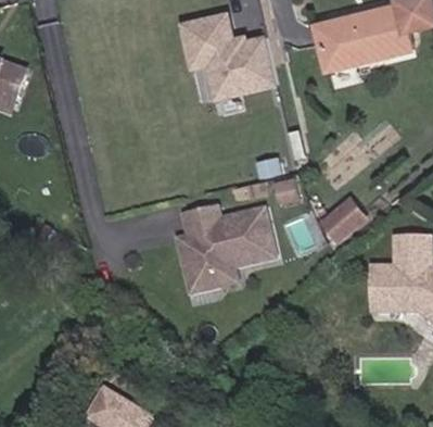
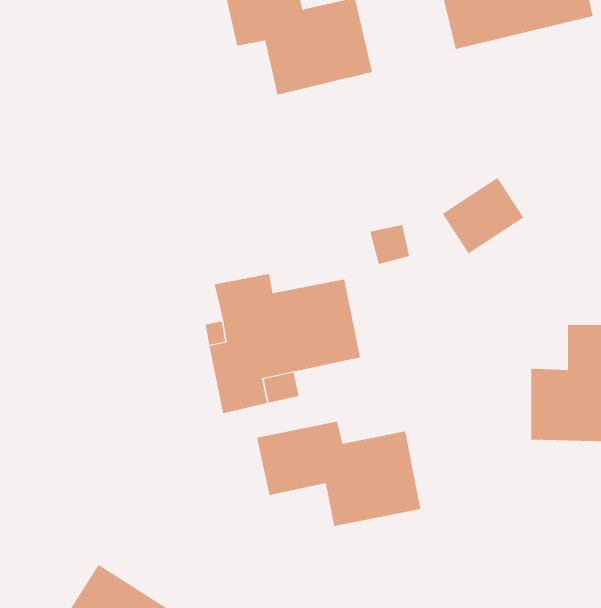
building: [319,192,370,240] -> [442,177,524,254]
building: none -> [256,421,421,527]

